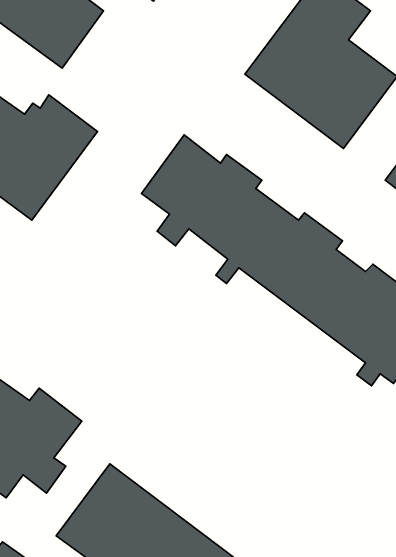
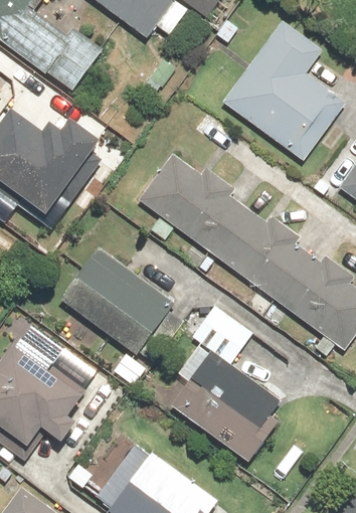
building: none -> [60,247,181,365]
building: none -> [169,301,282,465]

